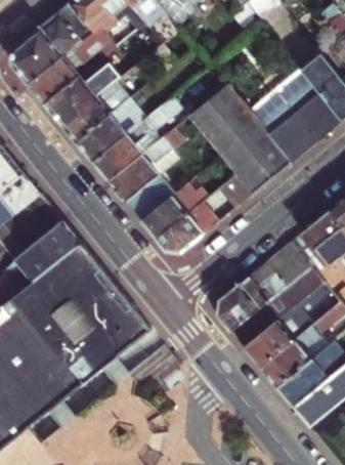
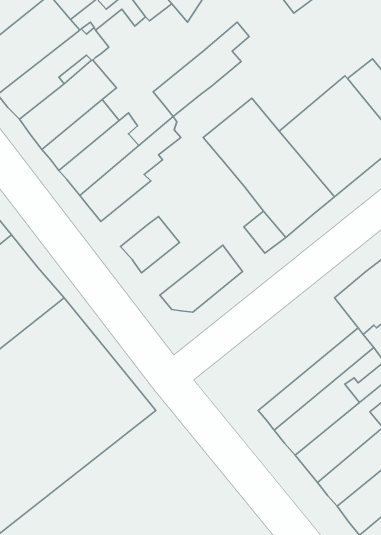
building: [110,127,184,201] -> [153,22,249,117]
building: [141,182,209,239] -> none
building: [219,241,310,329] -> none

